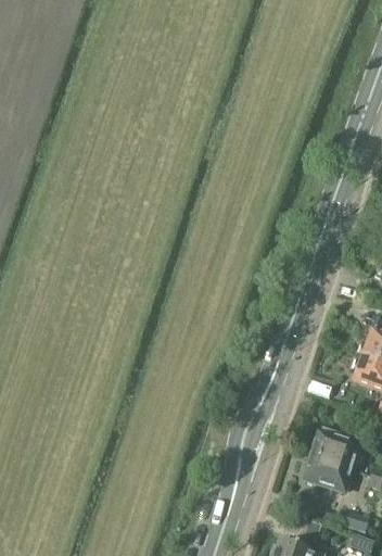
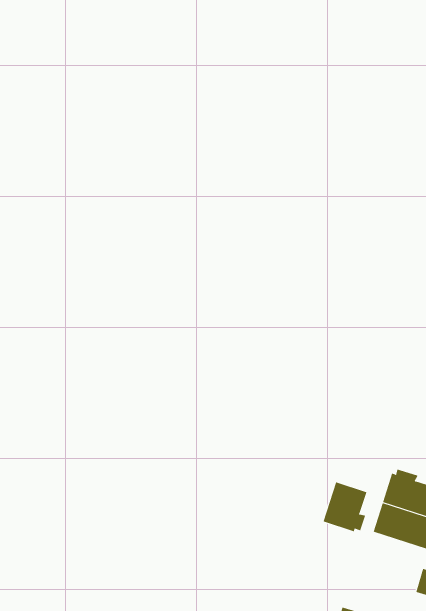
building: none -> [323,482,367,532]

